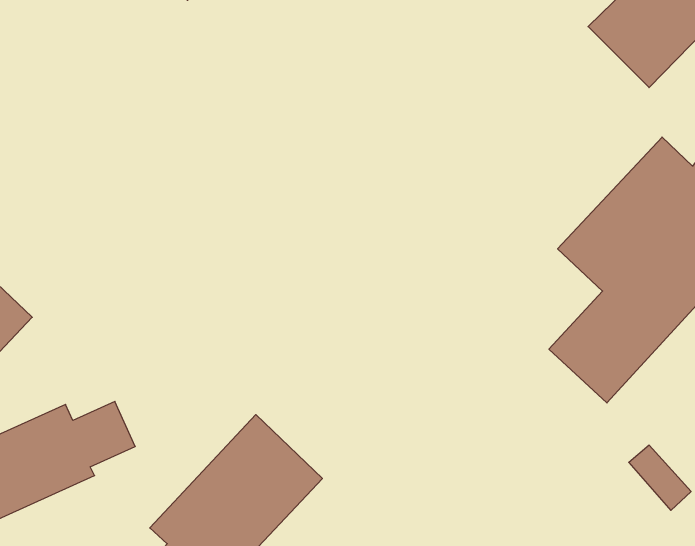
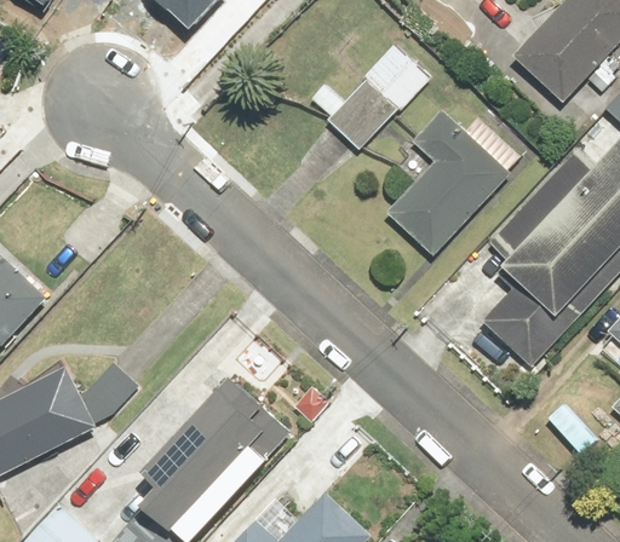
building: none -> [308,45,429,151]
building: none -> [386,113,516,256]

